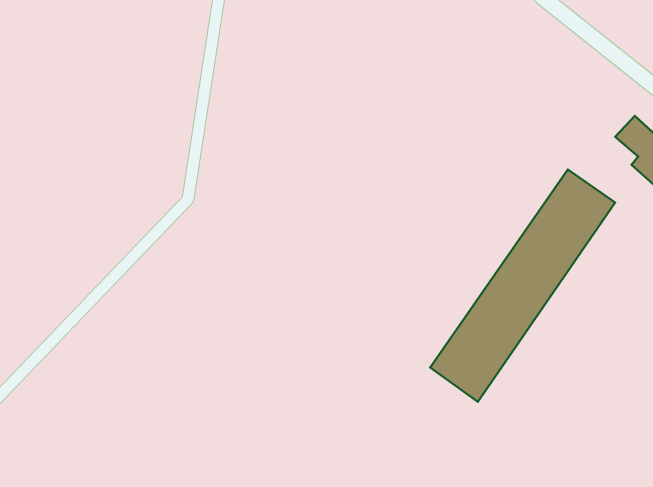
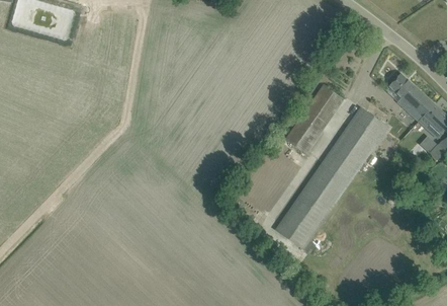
building: none -> [285,86,343,154]

